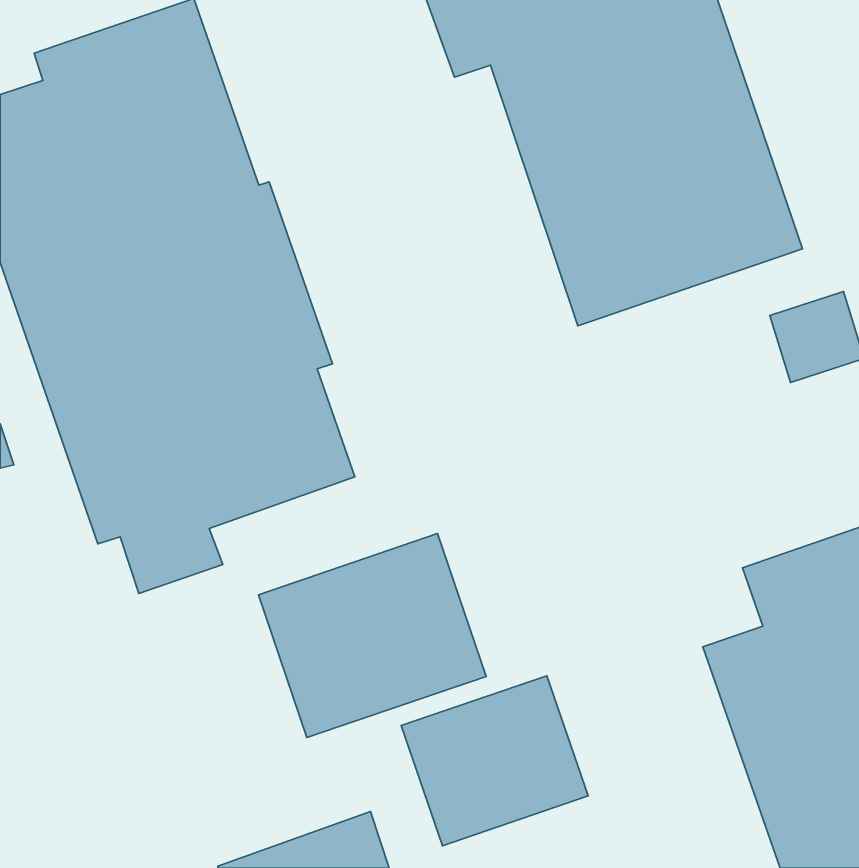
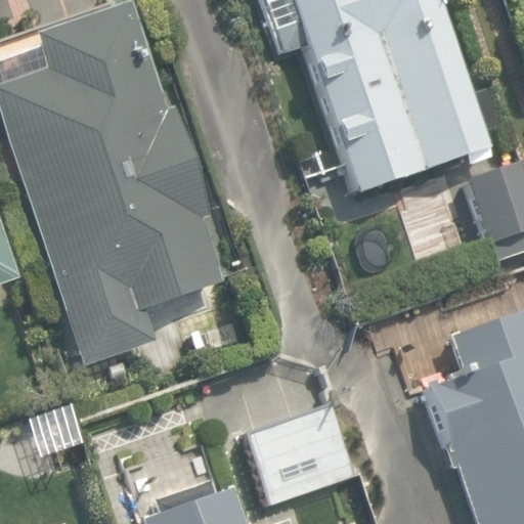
building: [258,534,486,738] -> none

